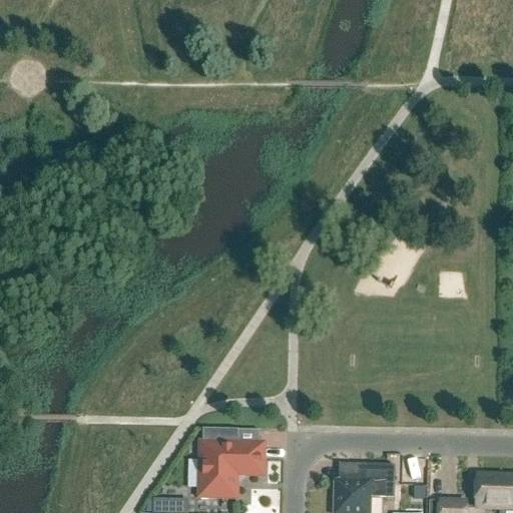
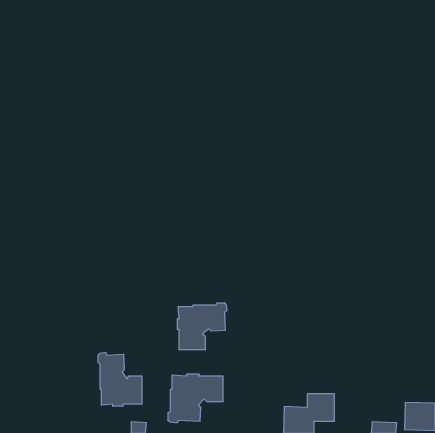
building: none -> [177,303,227,350]
building: none -> [98,352,142,406]

